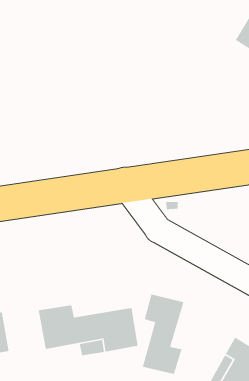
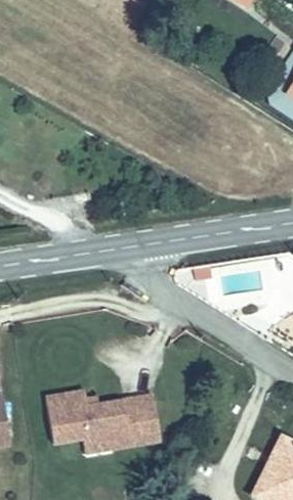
building: [142,294,184,375] -> none

